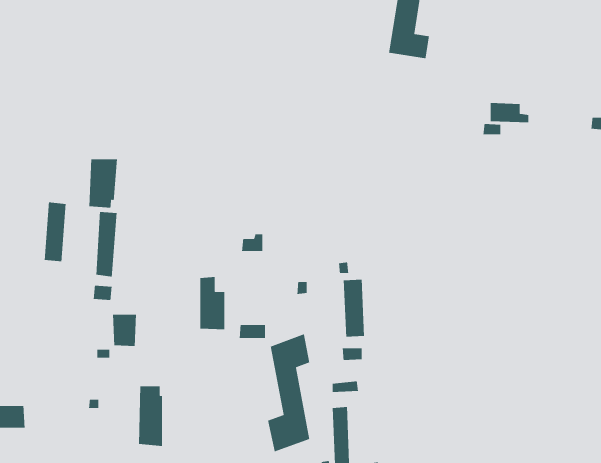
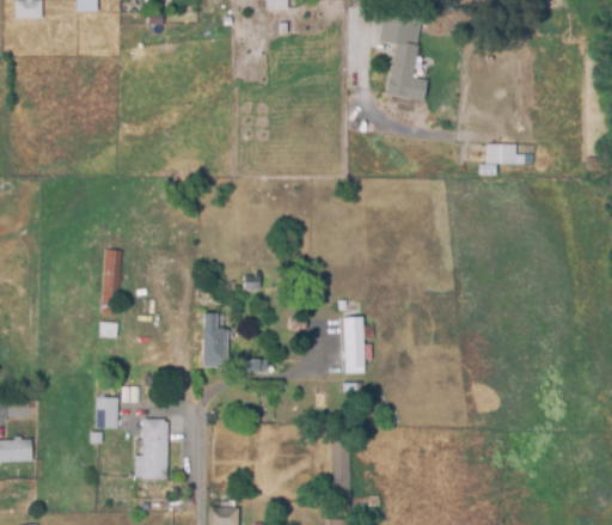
building: [88,159,118,209] -> none
building: [44,202,67,262] -> none
building: [112,314,137,347] -> [94,396,118,428]
building: [267,333,310,453] -> none

